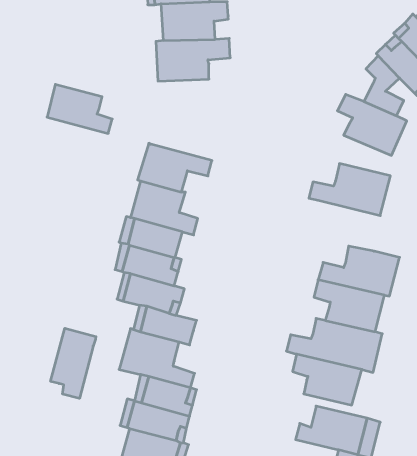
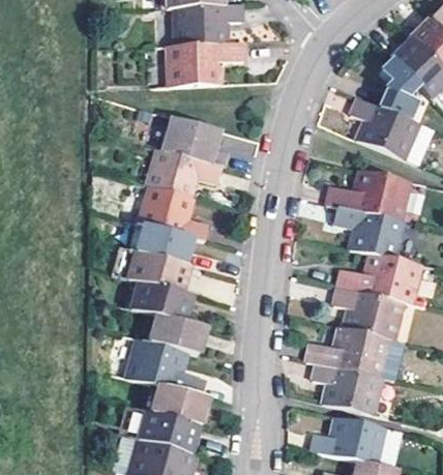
building: [47,84,112,133] -> [163,115,229,165]
building: none -> [329,205,398,257]
building: [51,328,96,398] -> none

